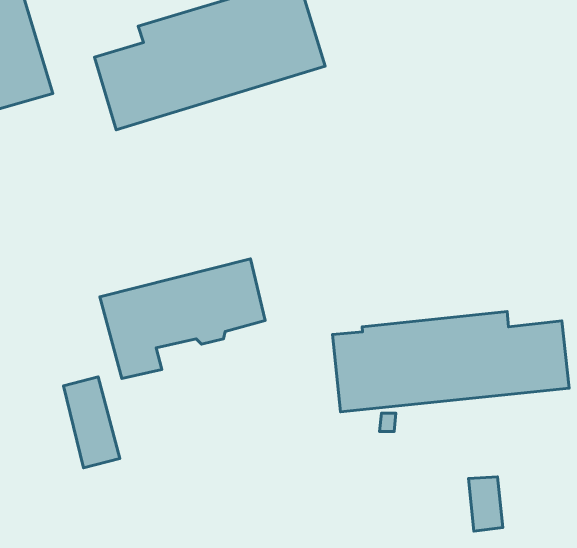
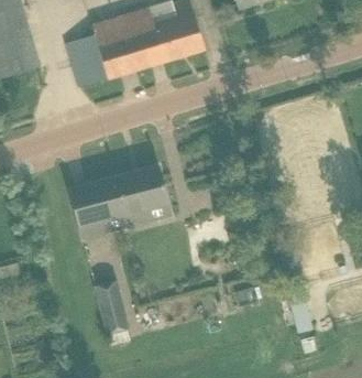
building: [332,311,569,412] -> none
building: [64,377,120,468] -> [95,281,129,336]

